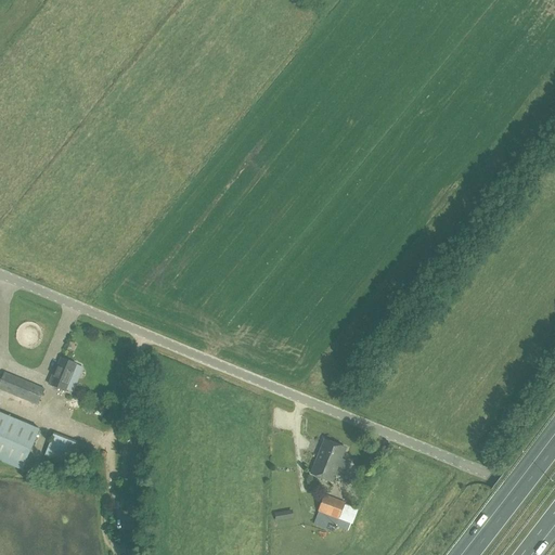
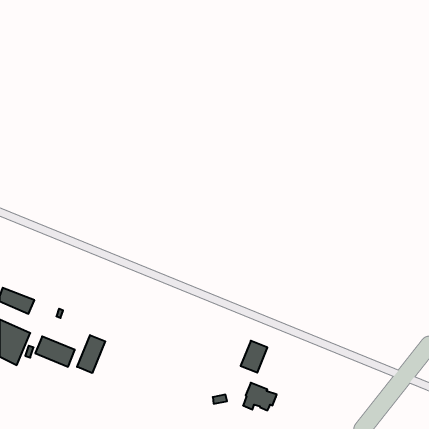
building: [48,357,75,389] -> none
building: none -> [77,335,105,373]

